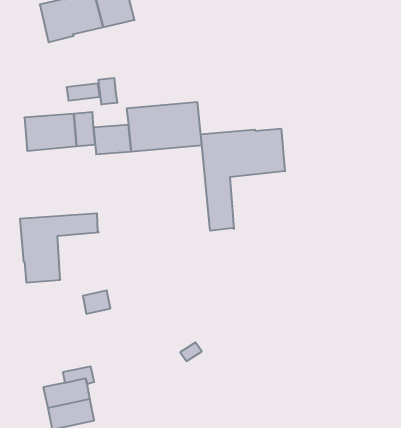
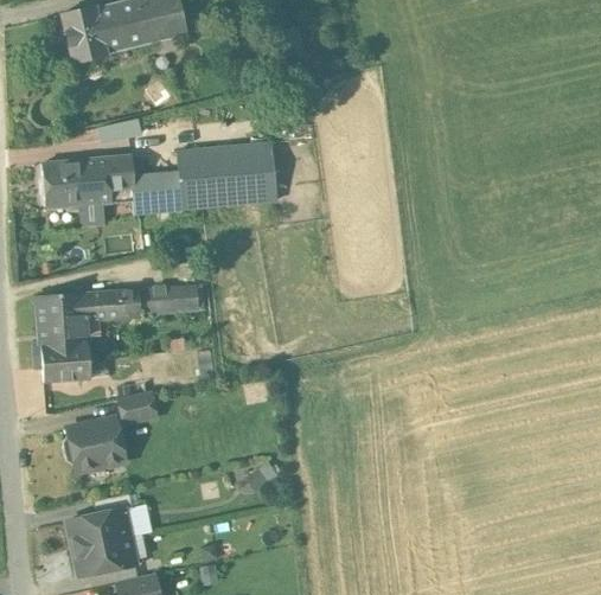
building: [99,78,117,105] -> none
building: [201,129,285,231] -> none
building: none -> [139,284,199,315]
building: none -> [64,417,126,471]

